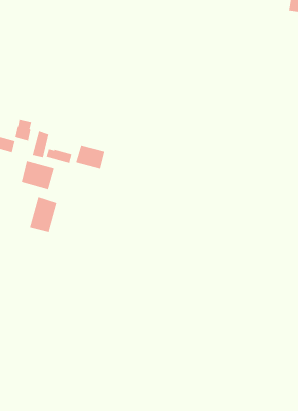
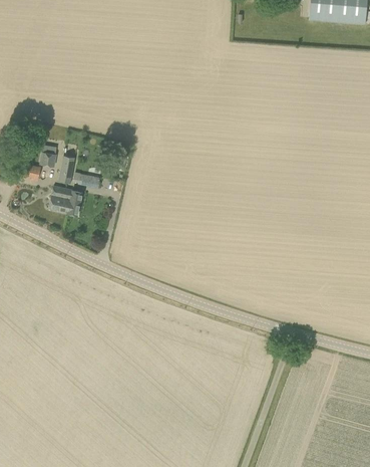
building: [75,145,105,170] -> none
building: [29,196,57,233] -> none

